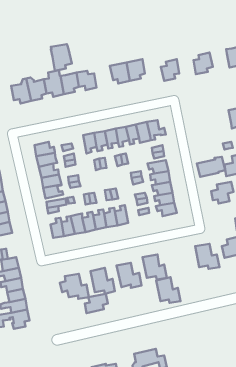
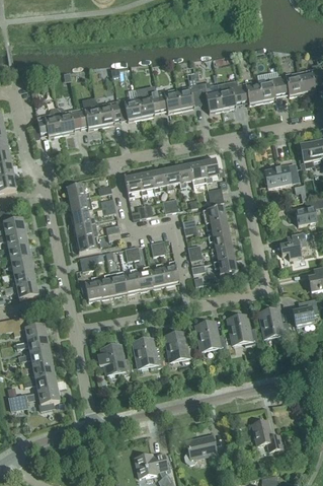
building: [51,44,72,71] -> [136,85,161,118]
building: none -> [277,71,302,96]
building: none -> [196,81,223,112]
building: none -> [238,81,261,105]
building: [197,157,225,177] -> [264,163,299,188]
building: [156,277,180,303] -> [229,314,258,345]
building: [85,294,108,313] -> none
building: none -> [252,421,282,450]

